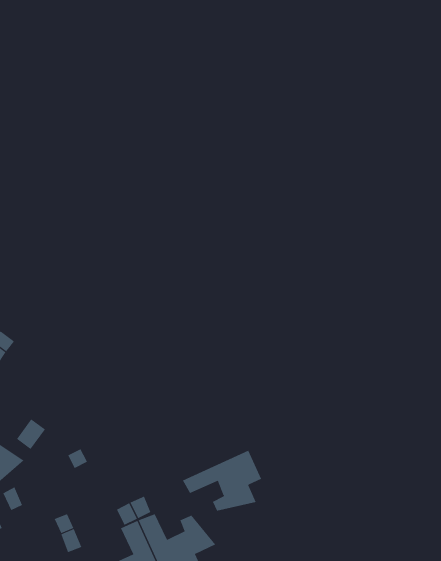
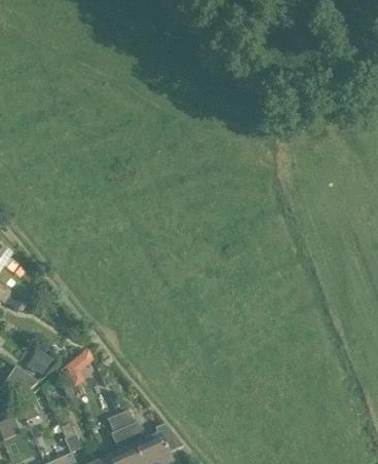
building: [182,450,262,511] -> none

